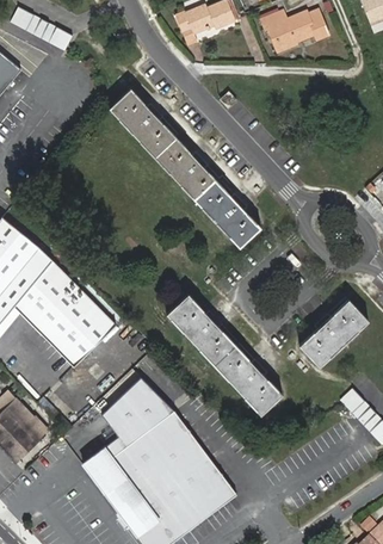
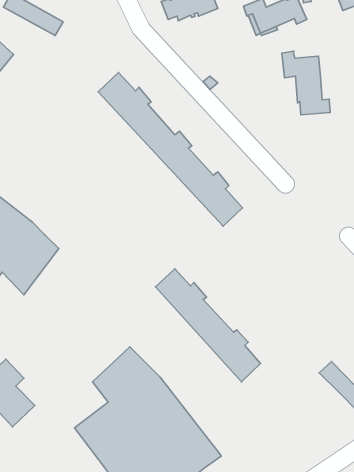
building: none -> [282,51,330,115]
building: [30,274,115,365] -> none
building: [298,301,365,367] -> none

